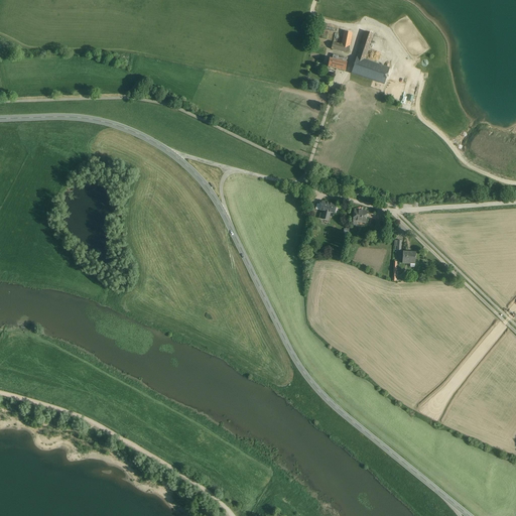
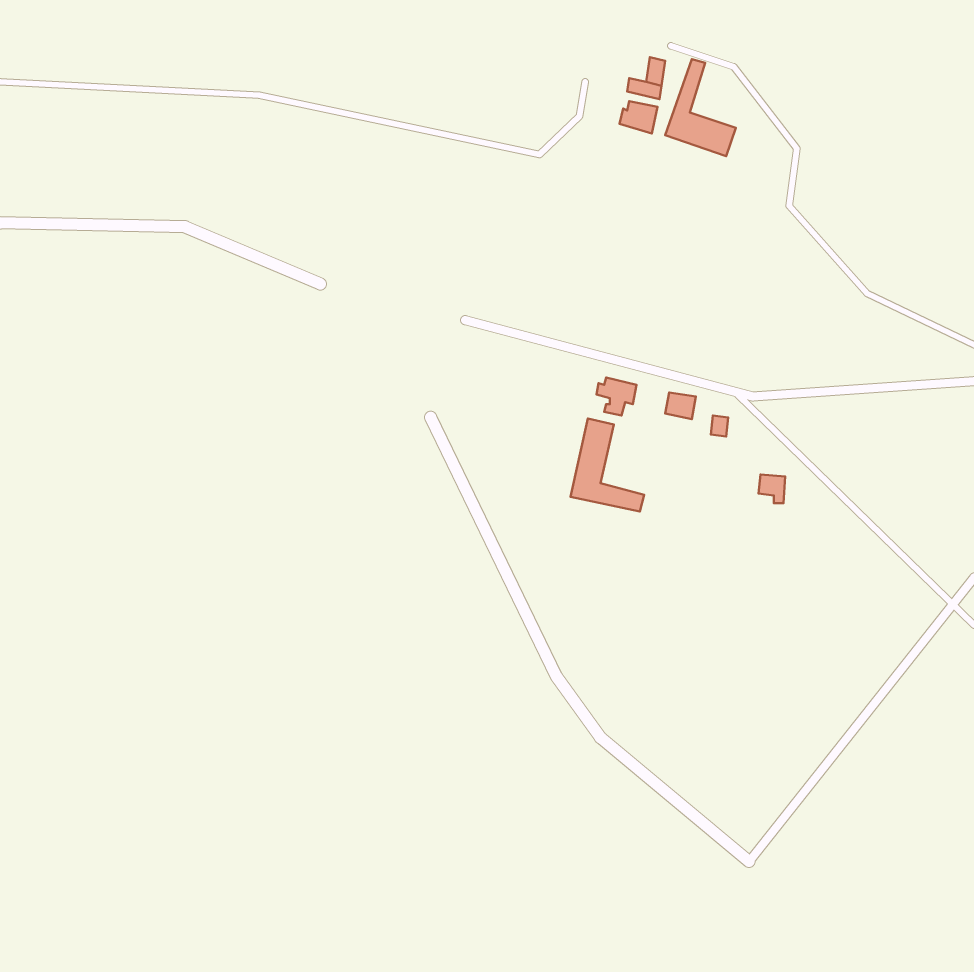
building: none -> [571,419,644,512]

